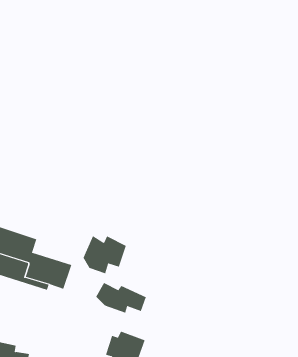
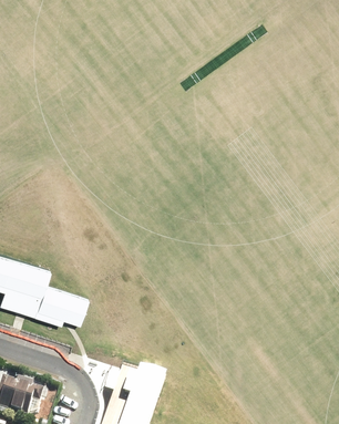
building: [83,235,127,274] -> none
building: [96,282,147,314] -> none

